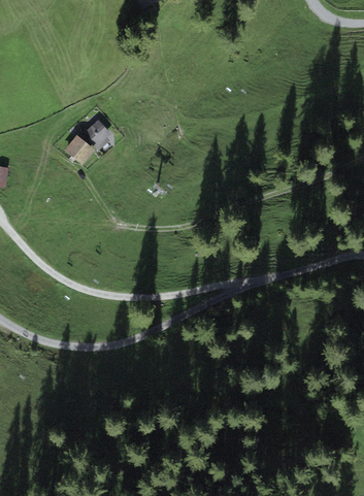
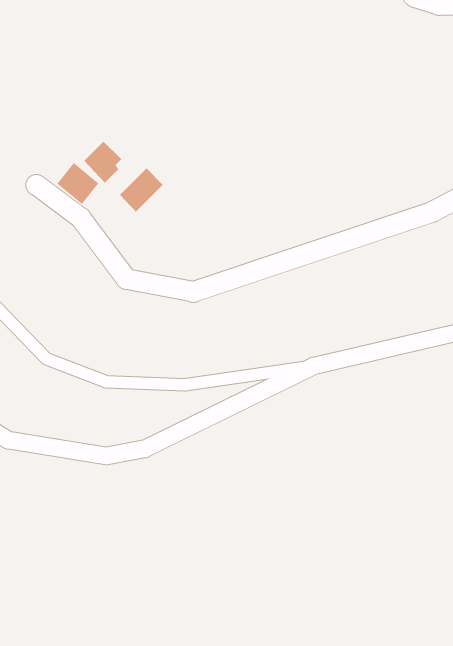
building: none -> [119,167,163,212]

